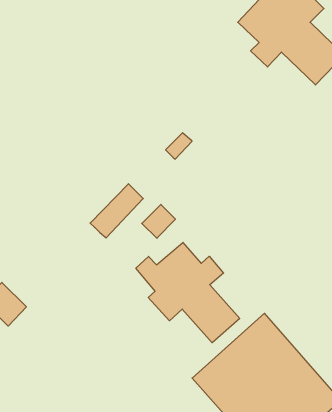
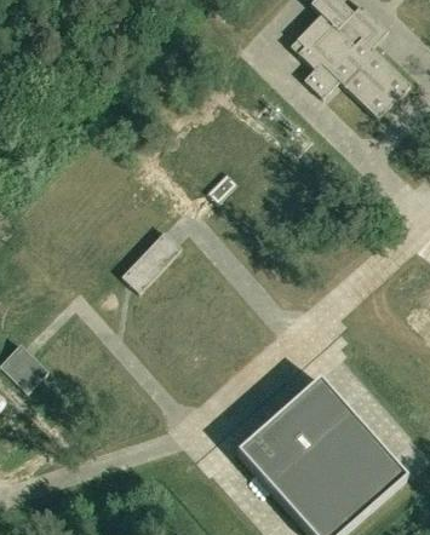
building: [142,204,175,238] -> none
building: [136,242,240,343] -> none

